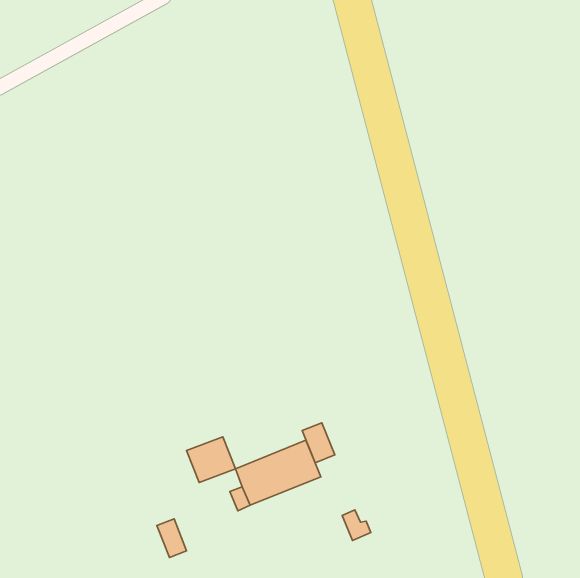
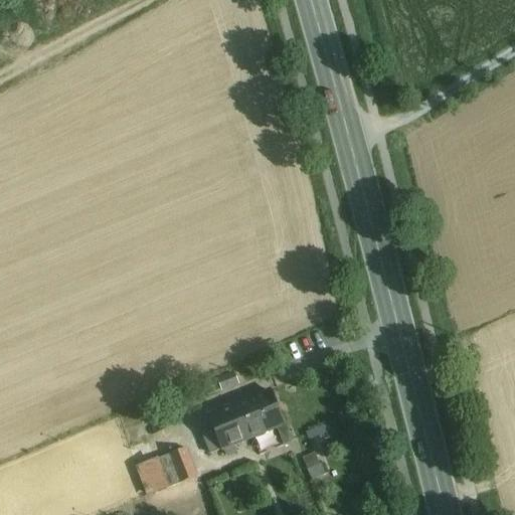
building: [302,423,335,463] -> none
building: [187,437,235,482] -> [154,447,197,487]

